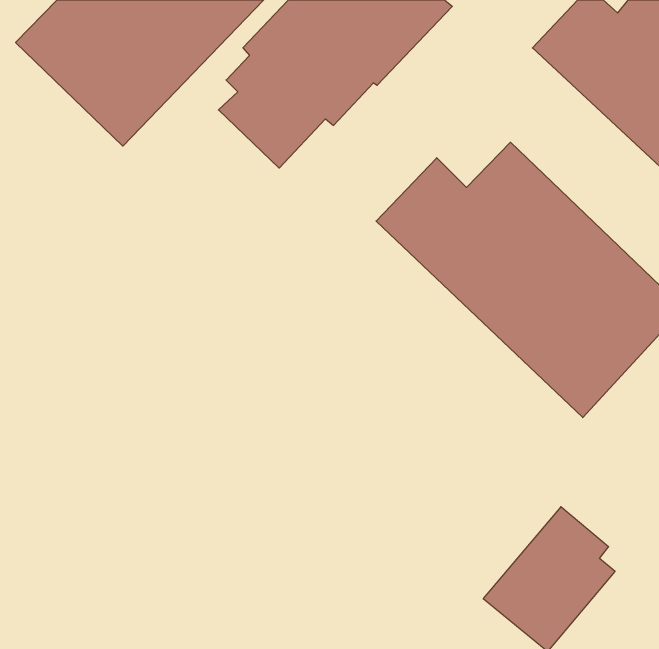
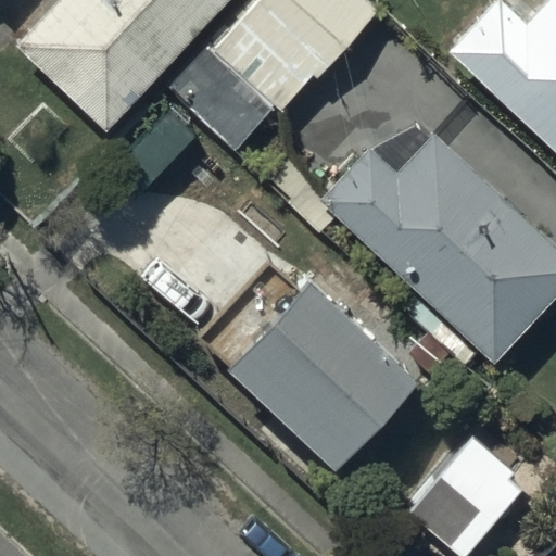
building: none -> [224,273,412,460]

